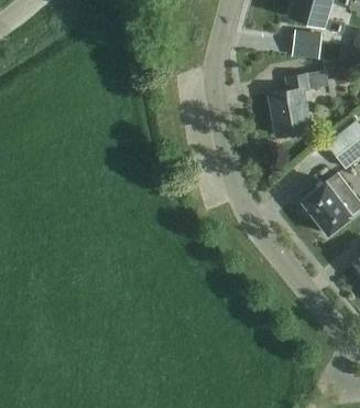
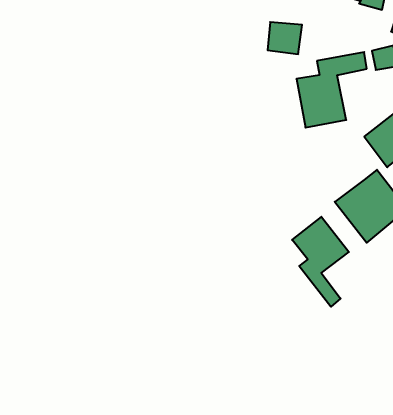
building: [291,31,320,58] -> [268,22,302,54]
building: none -> [292,217,349,307]

